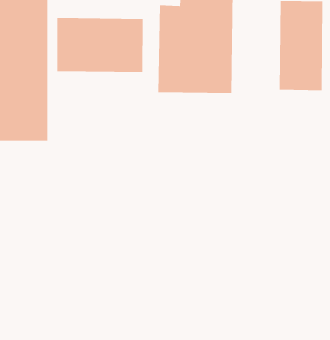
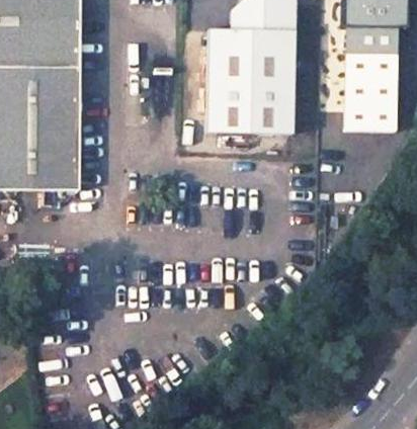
building: [57,17,143,73] -> none

